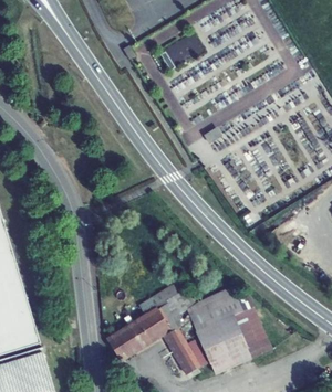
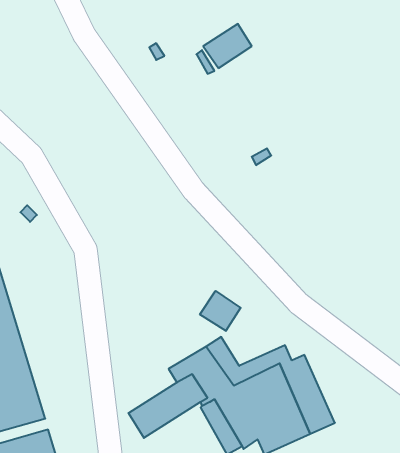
building: none -> [200,291,241,331]

